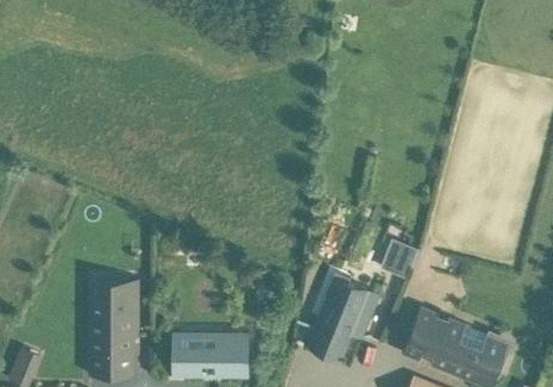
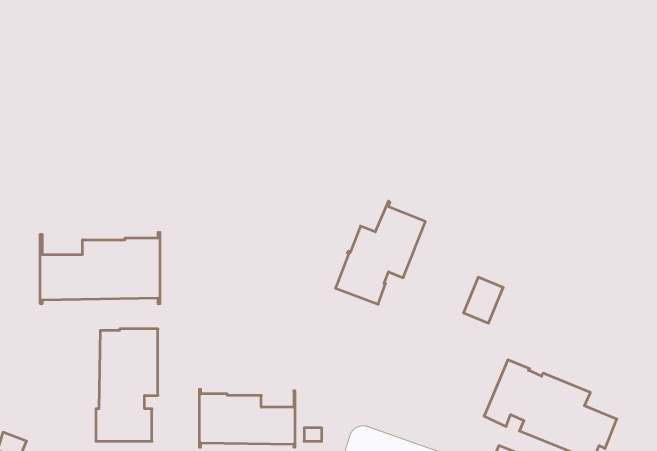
building: none -> [40,232,160,304]
building: [306,277,378,361] -> [335,201,425,304]

